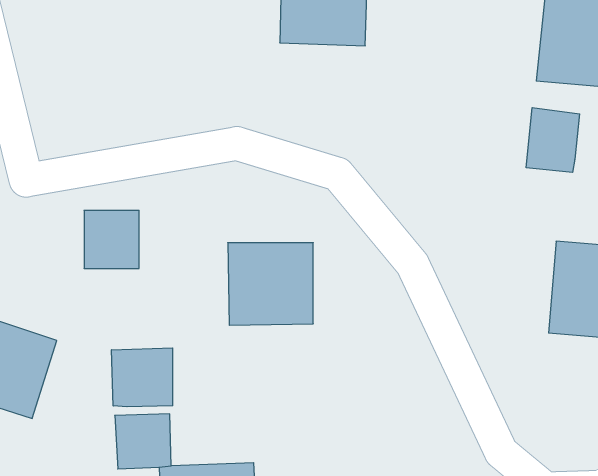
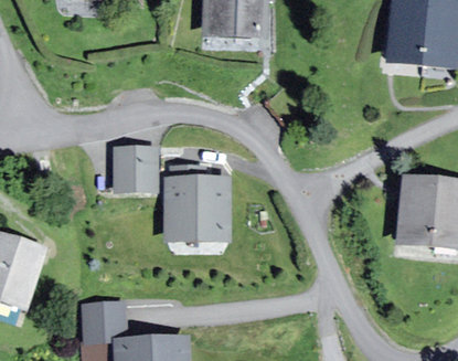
building: [526,108,580,172] -> none
building: [84,210,139,268] -> [115,147,155,189]
building: [112,348,173,407] -> none

